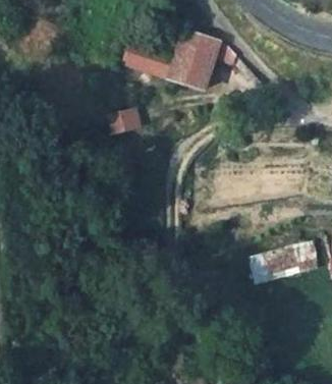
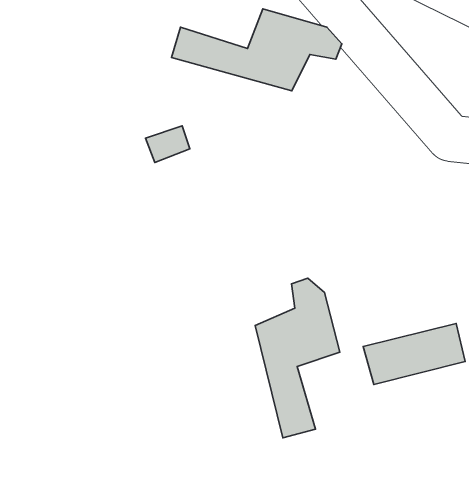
building: none -> [255,278,340,438]

